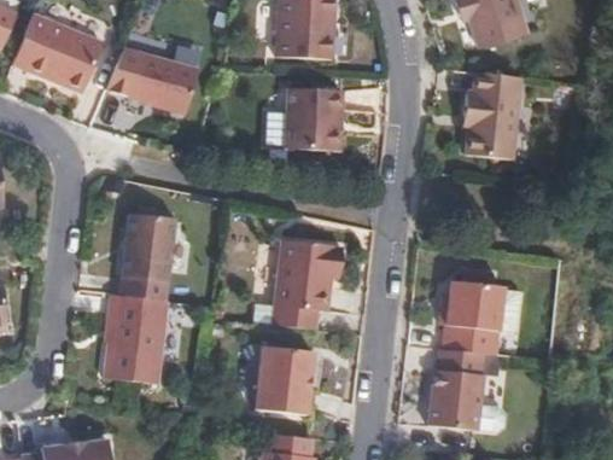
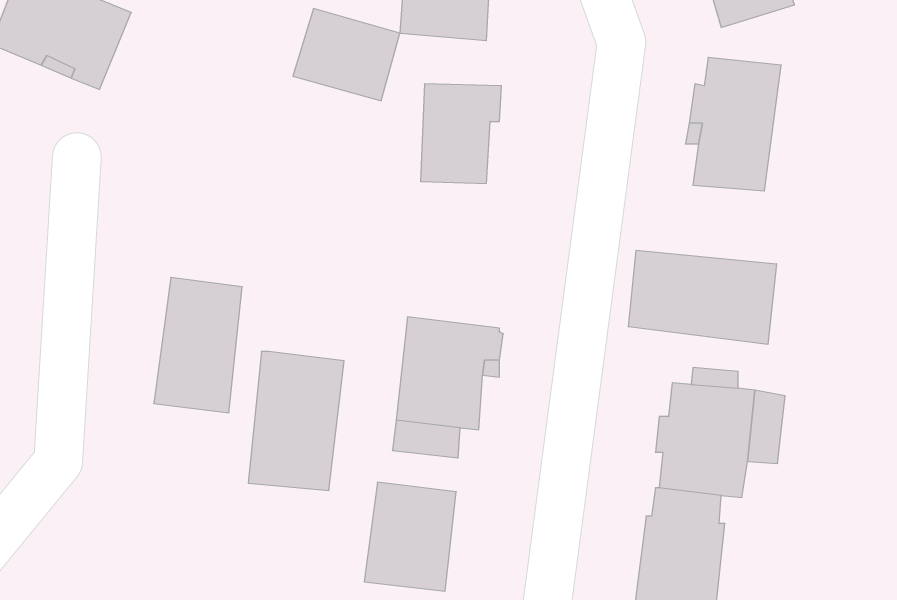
building: [129,54,198,113] -> [293,9,400,101]
building: none -> [629,250,776,344]
building: [105,295,167,384] -> [248,352,344,491]

